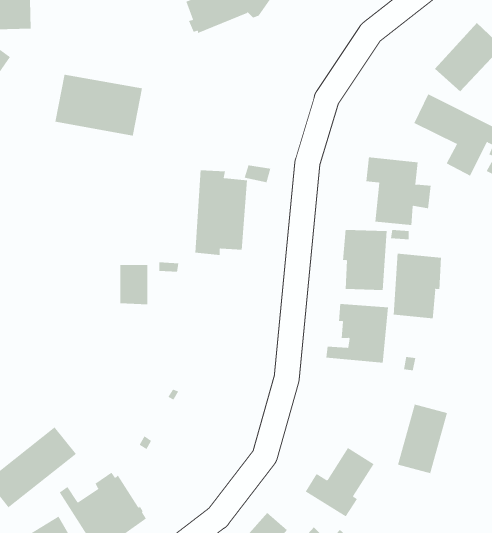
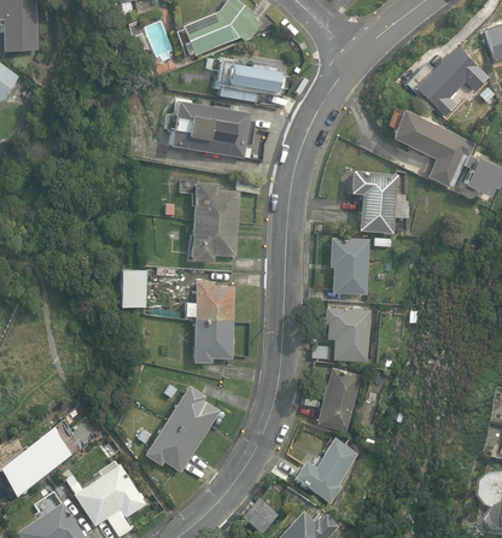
building: none -> [218,64,282,103]
building: [55,74,143,136] -> [169,100,251,158]
building: [393,253,441,319] -> none
building: none -> [194,280,234,362]
building: none -> [144,385,221,472]
building: [397,404,448,474] -> [315,367,362,432]

